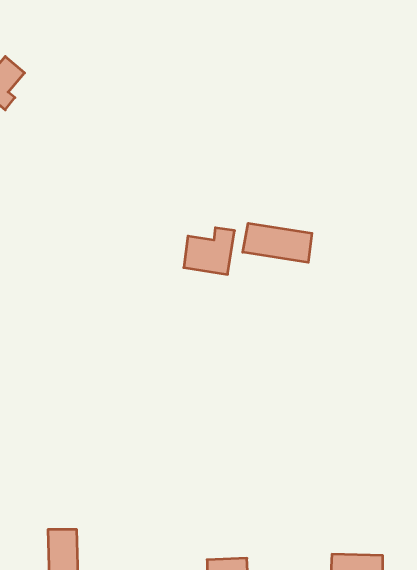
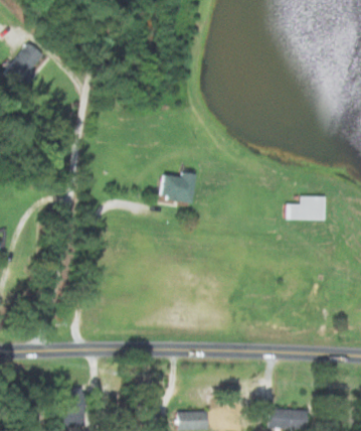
building: [243,223,312,262] -> none
building: none -> [287,196,327,221]

